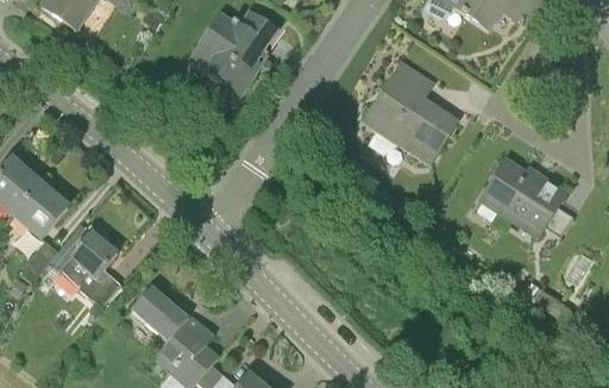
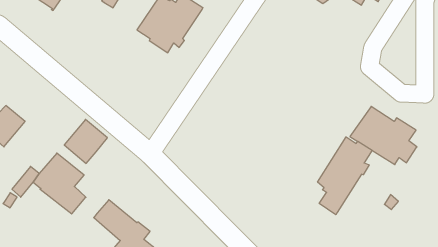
building: [360,60,457,165] -> none
building: [10,180,68,239] -> [64,119,107,163]
building: none -> [318,137,372,215]

